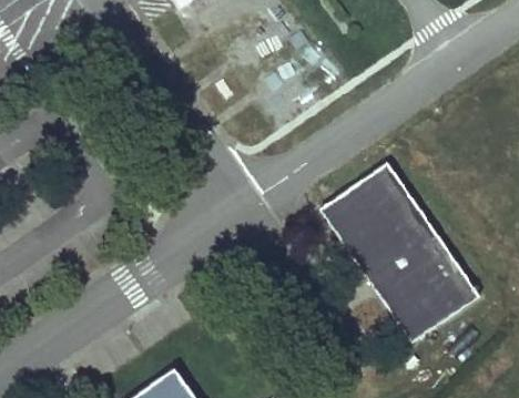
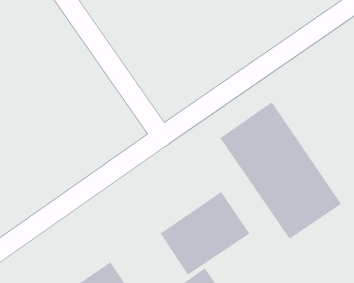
building: none -> [160,191,250,275]

